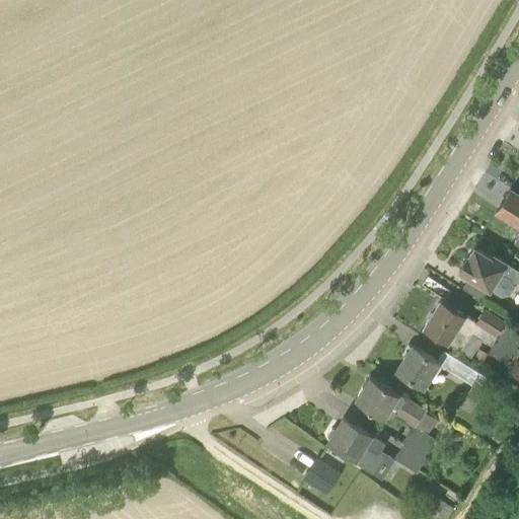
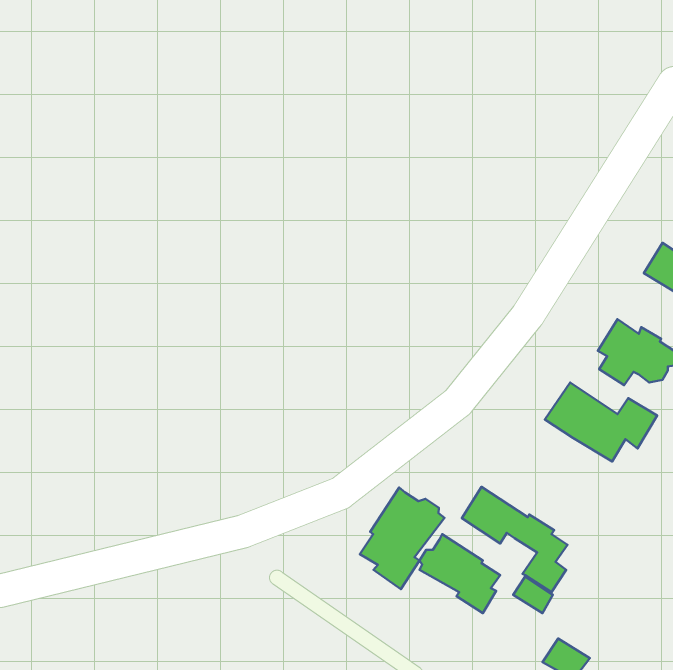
building: [397,346,487,391] -> none
building: none -> [360,488,444,589]
building: [305,460,340,494] -> none

